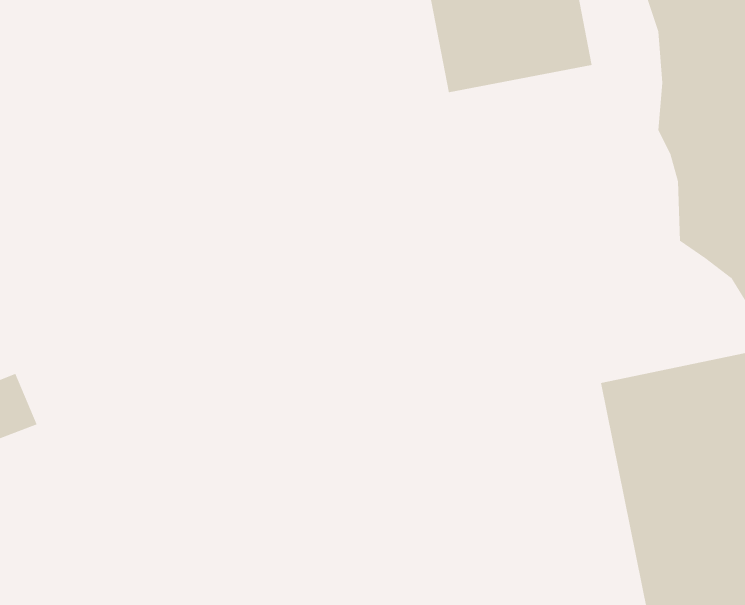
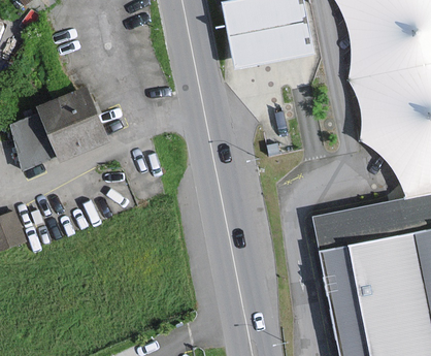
building: none -> [14,90,105,164]

